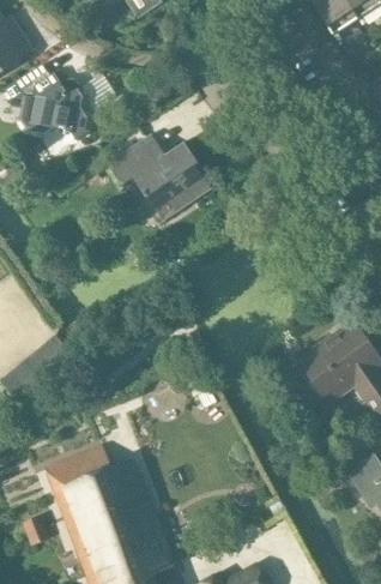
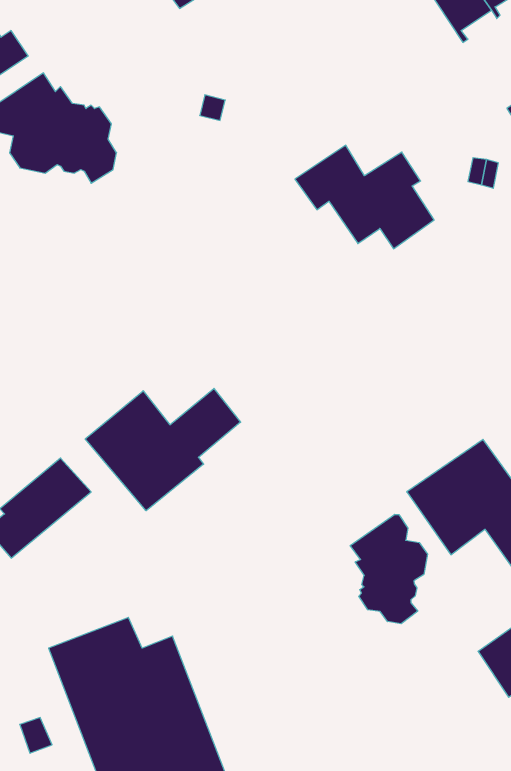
building: [109,138,207,211] -> [295,145,434,249]
building: none -> [85,388,241,511]
building: none -> [350,514,428,624]

